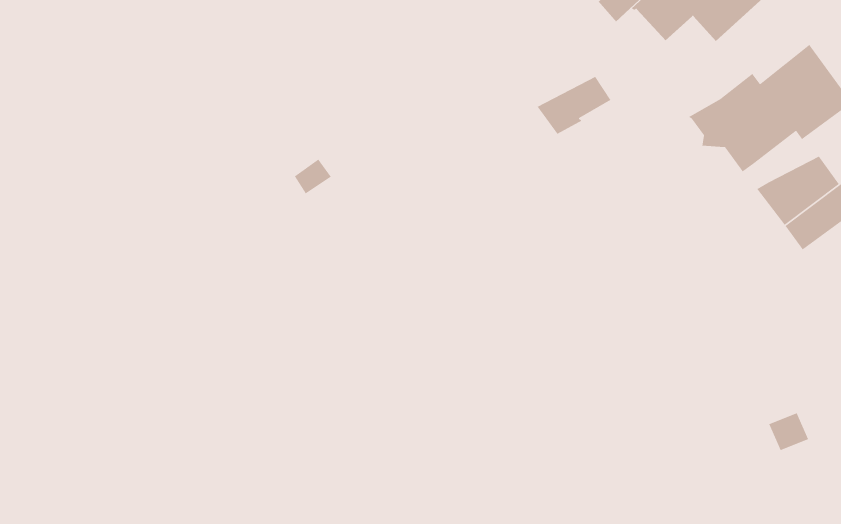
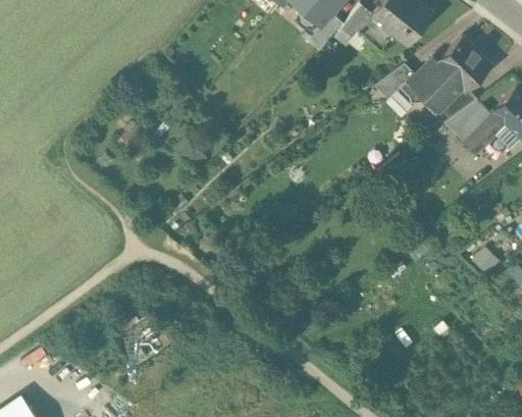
building: [536,76,612,135] -> [373,64,415,101]
building: none -> [440,89,476,119]

